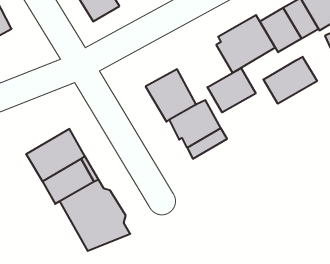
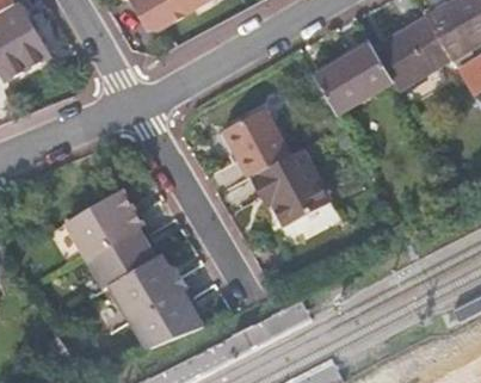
building: [263,57,317,104] -> none
building: [207,68,256,112] -> none

